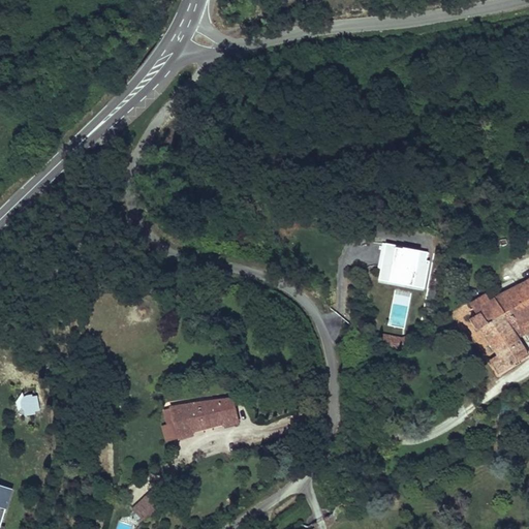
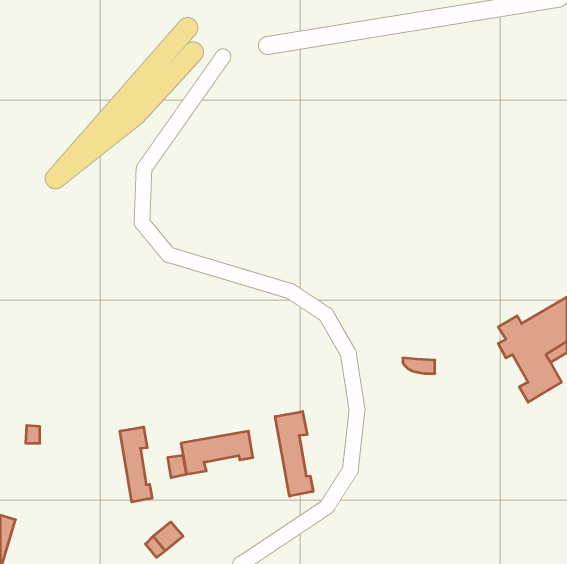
building: [376,239,431,286] -> none
building: none -> [275,411,313,496]
building: none -> [120,427,152,502]

